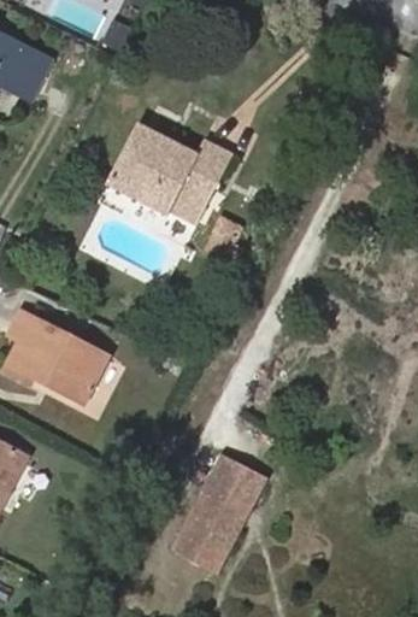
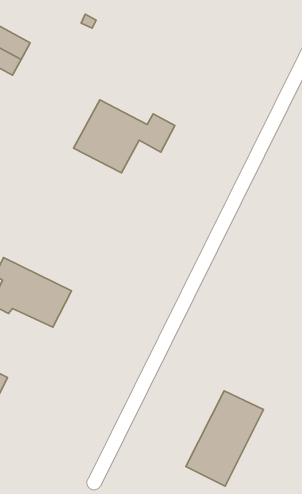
building: [166,172,214,227] -> none
building: [166,457,261,574] -> [186,391,263,486]

